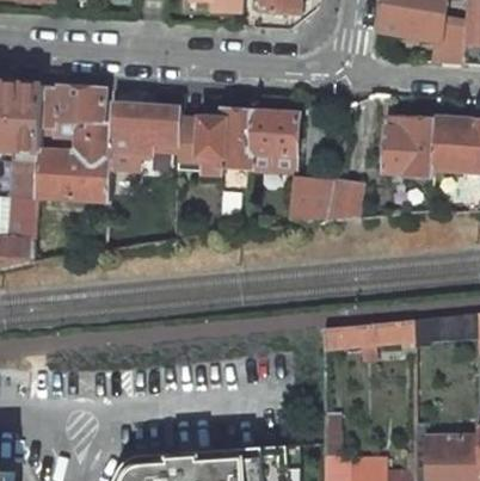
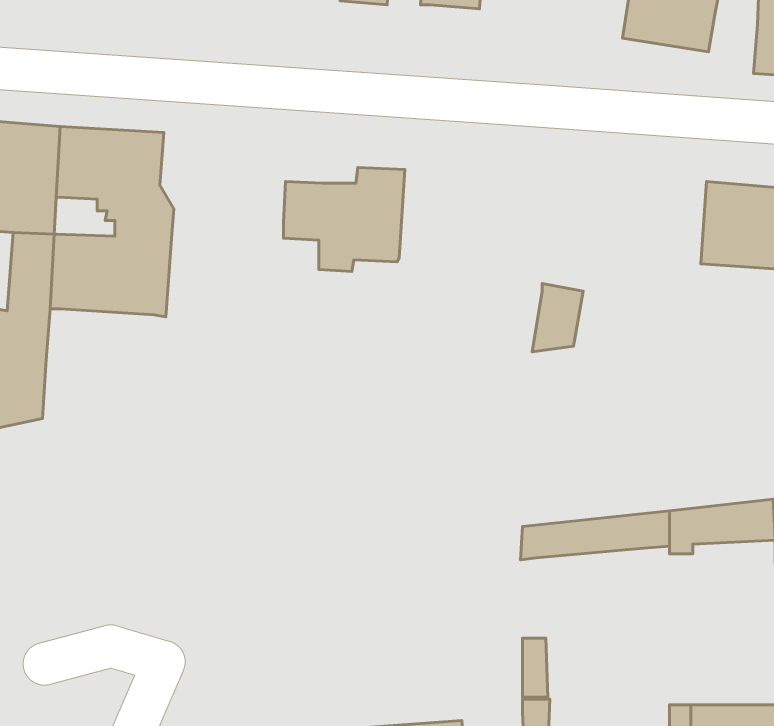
building: [432,18,467,63] -> none
building: [110,90,180,152] -> none
building: [248,111,297,167] -> none
building: [382,116,436,175] -> none
building: [289,184,336,222] -> none

